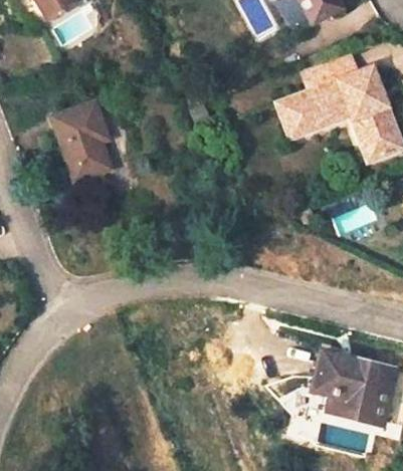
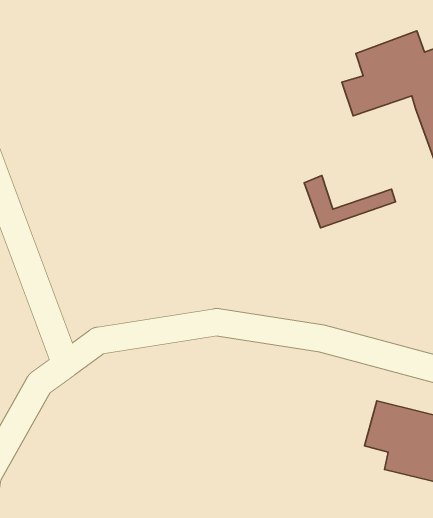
building: [276,96,350,139] -> [304,175,395,228]
building: [55,104,113,182] -> none

